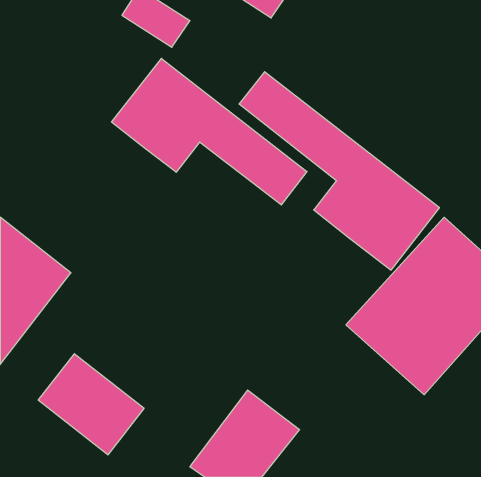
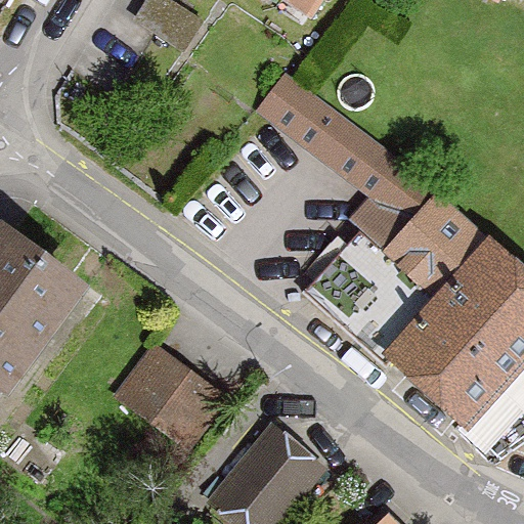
building: [112,58,307,205] -> none
building: [38,354,144,455] -> [117,341,231,450]

